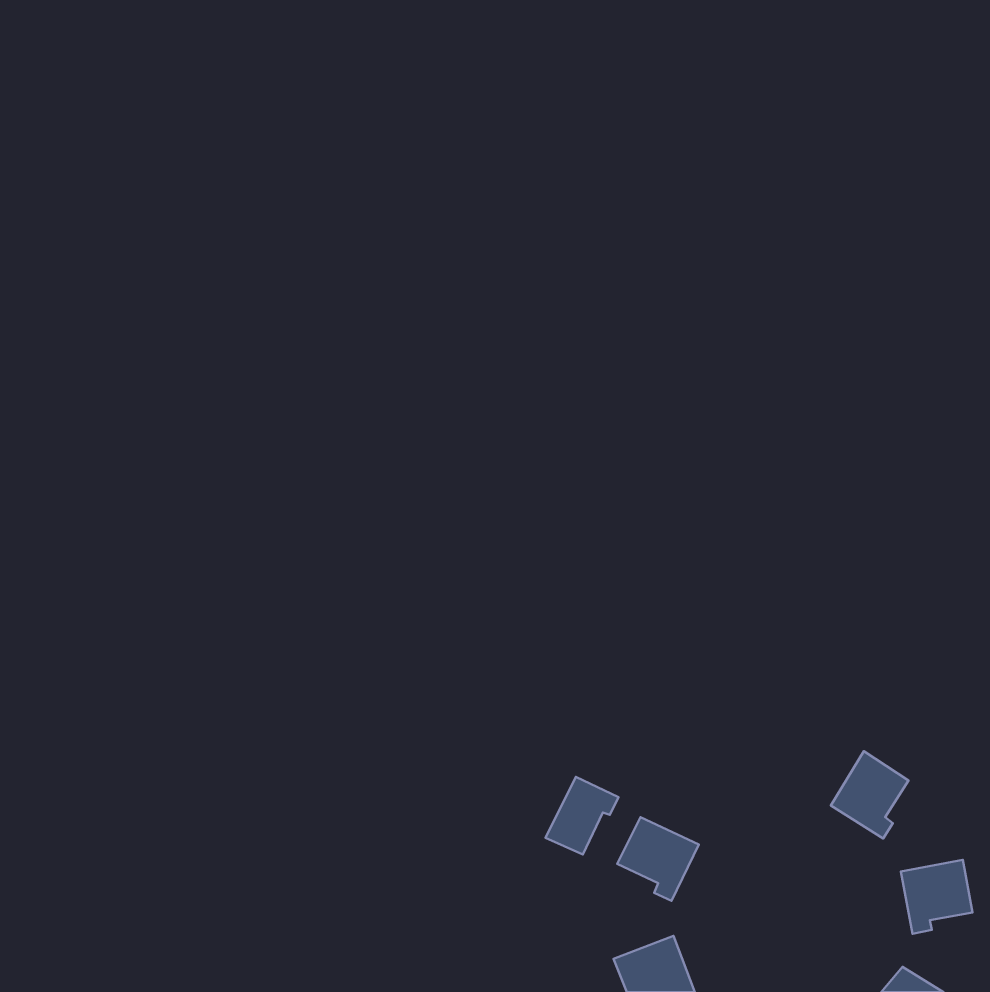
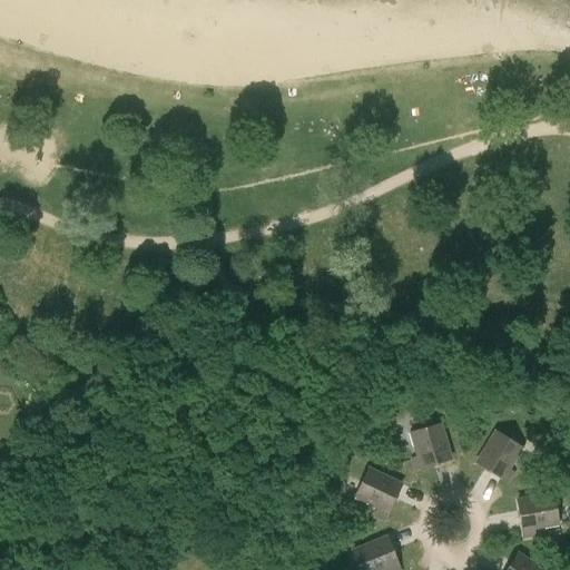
building: none -> [412,424,451,469]
building: [546,777,618,855] -> none

